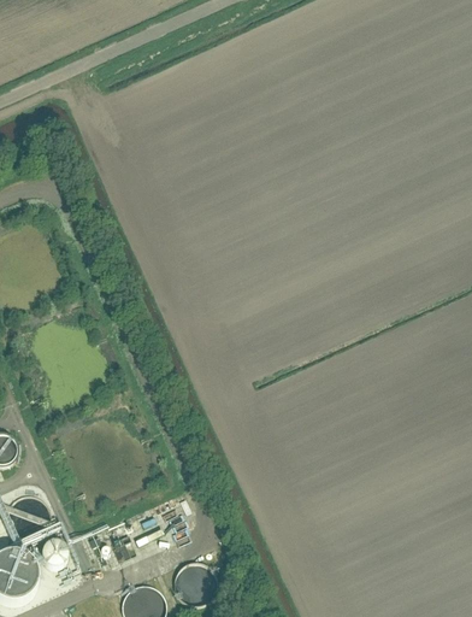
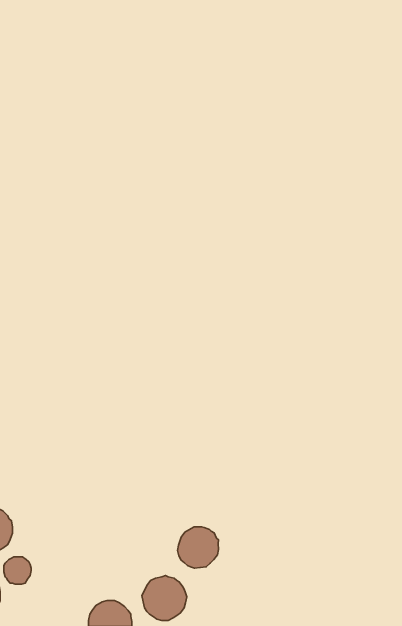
building: none -> [177,527,219,568]

